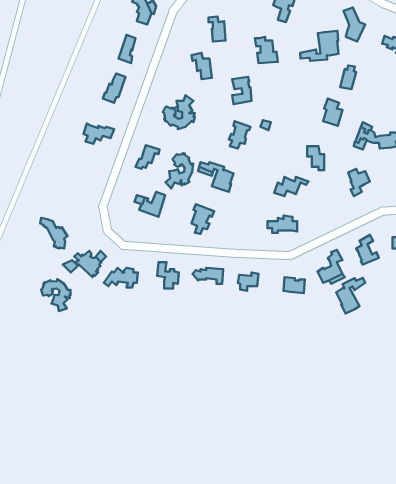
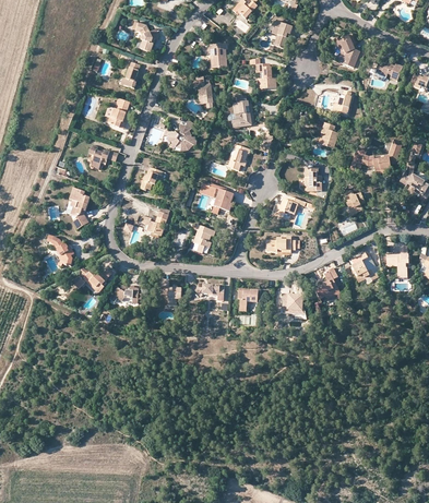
building: [300,31,338,61] -> none
building: [166,153,193,188] -> none
building: none -> [70,190,88,229]
building: [336,278,365,314] -> none
building: [41,279,71,311] -> none

